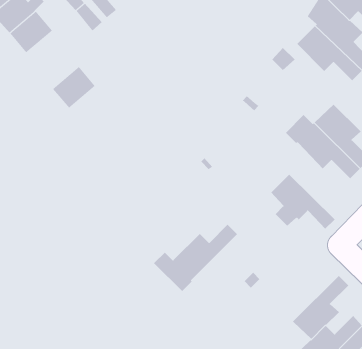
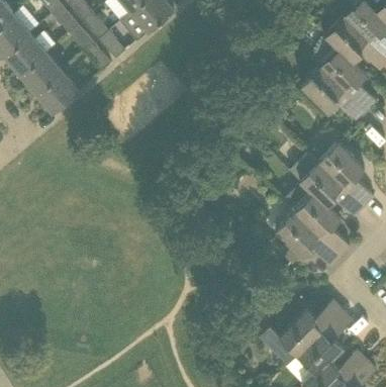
building: [52,66,96,109] -> [36,71,79,112]
building: none -> [283,181,350,256]
building: [153,224,238,292] -> [260,300,343,367]

